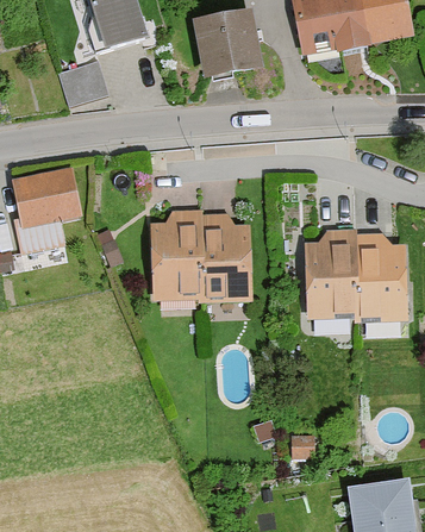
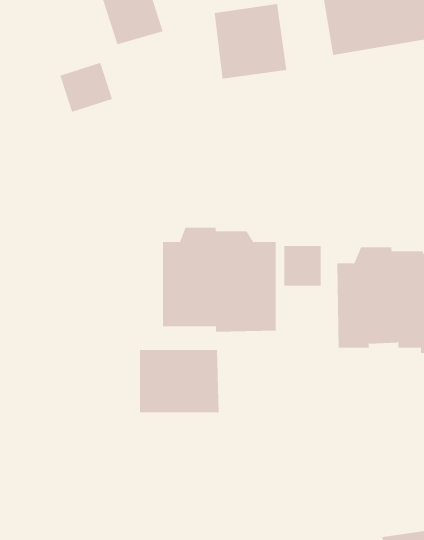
building: [10,167,81,256] -> none
building: none -> [284,245,321,286]
building: none -> [140,349,219,413]

